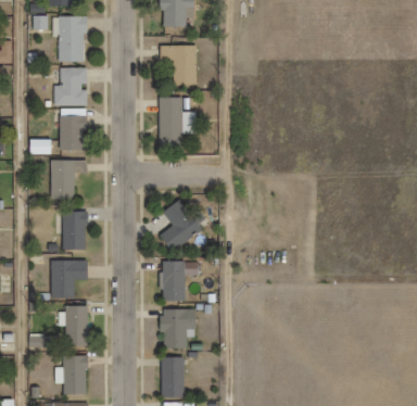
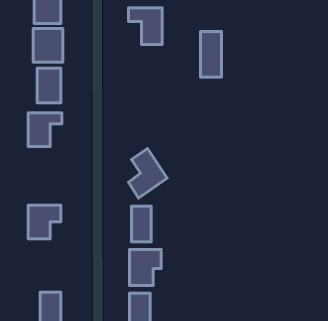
building: [160,97,182,147] -> [201,31,221,77]
building: [59,211,86,250] -> none
building: [64,306,88,347] -> none

